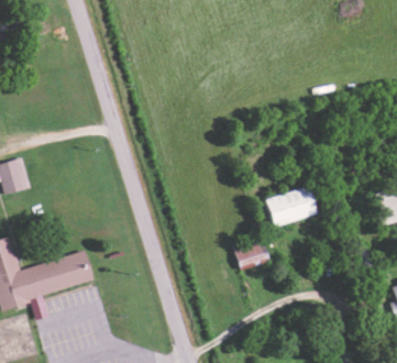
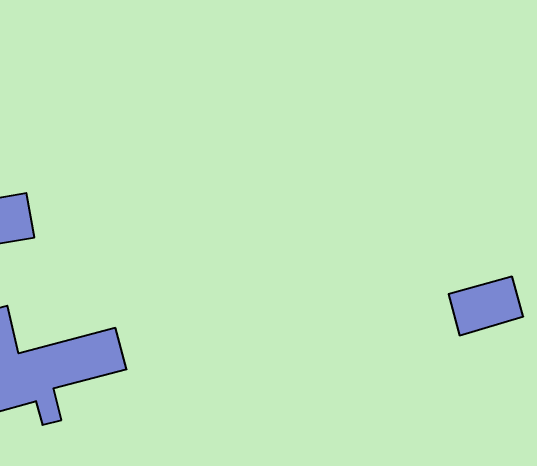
building: [267,186,319,227] -> [449,277,523,335]
building: [233,238,269,270] -> none

